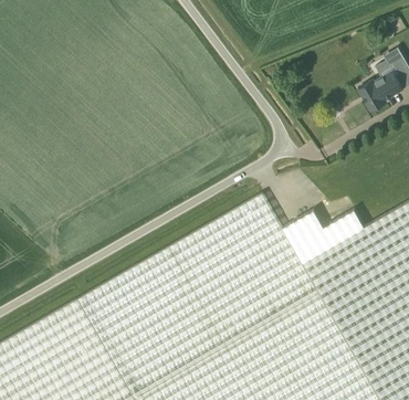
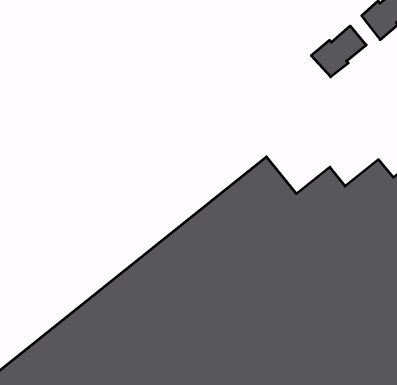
building: none -> [311,26,366,77]

